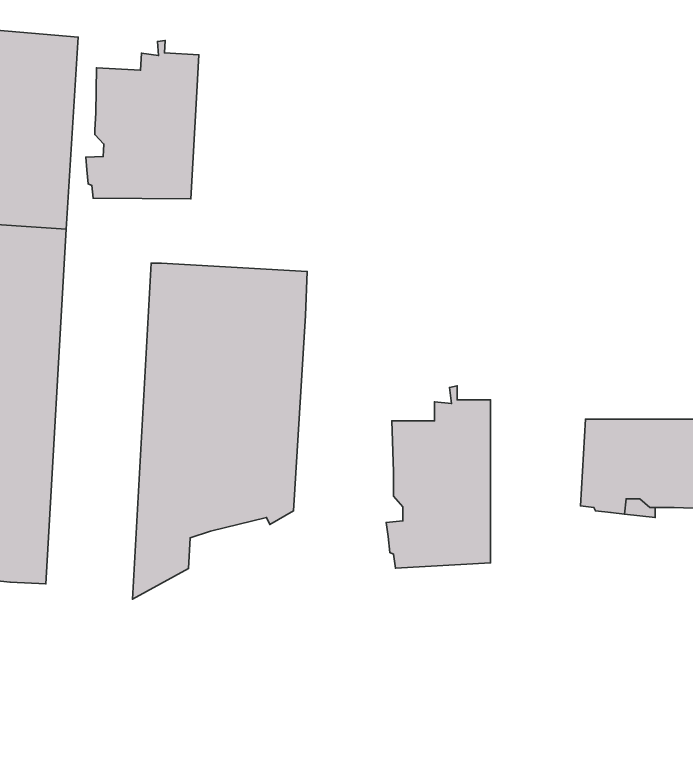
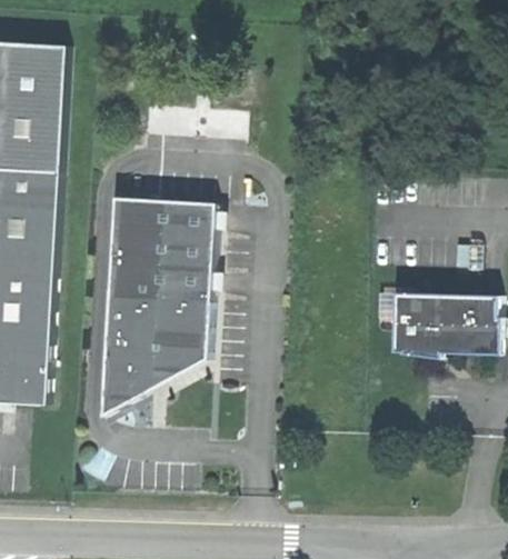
building: [86,40,199,199] -> none
building: [386,386,491,568] -> none

